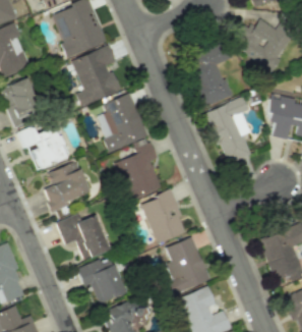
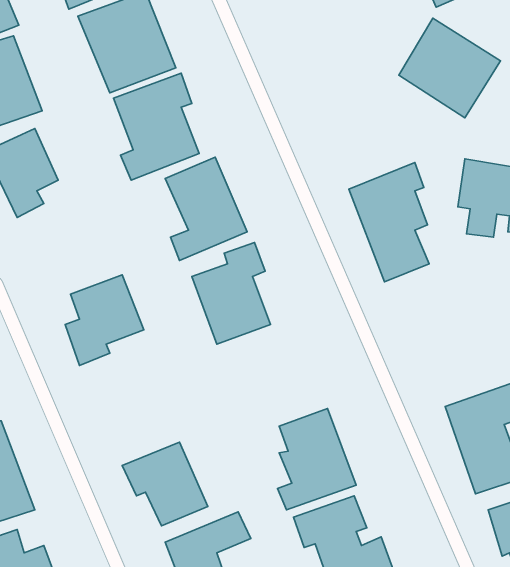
building: [188,43,233,107] -> none
building: [18,126,68,170] -> none
building: [141,190,186,244] -> none
building: [57,215,110,261] -> none

